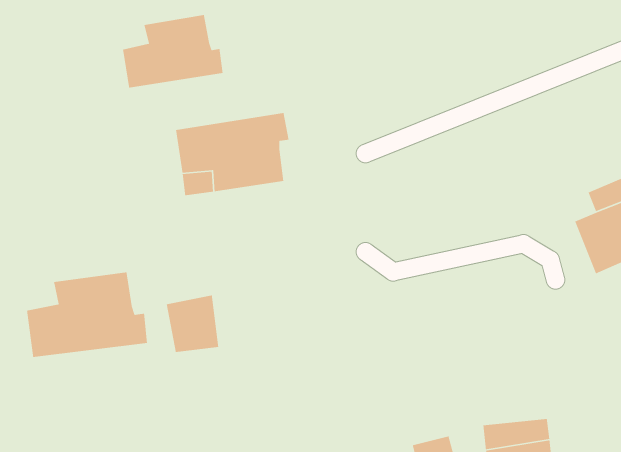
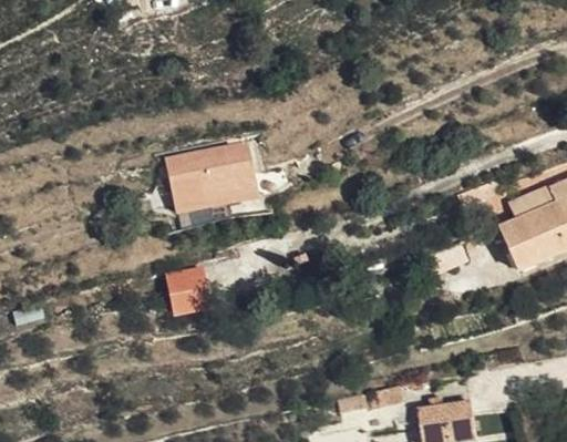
building: [122,14,223,88] -> none
building: [26,272,148,358] -> none

